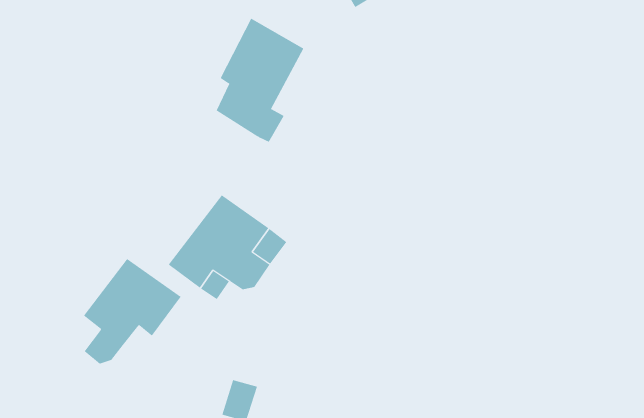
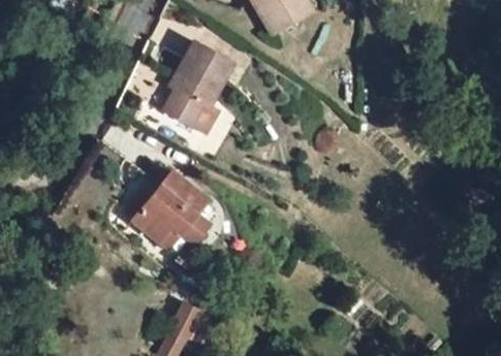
building: [83,258,181,365] -> none

